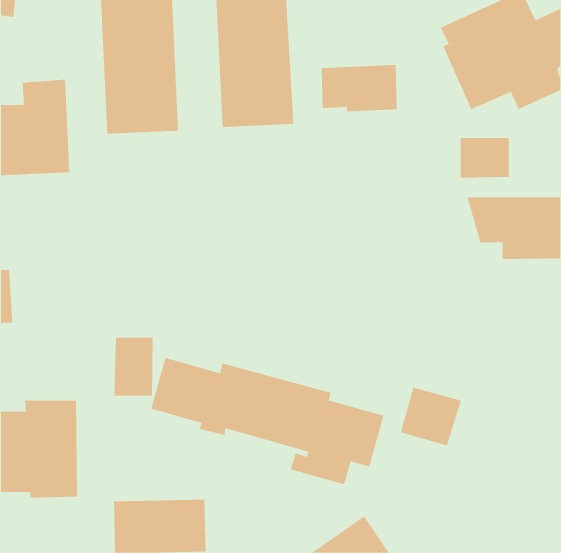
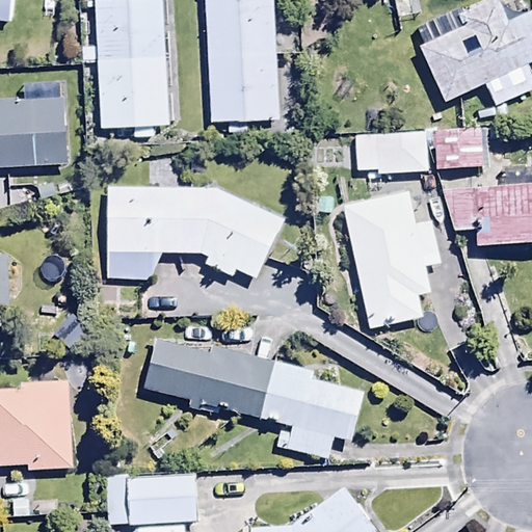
building: [321,64,398,112] -> [353,129,426,174]
building: none -> [105,184,285,281]
building: none -> [342,191,441,330]
building: [114,337,153,397] -> none
building: [400,387,461,446] -> none

